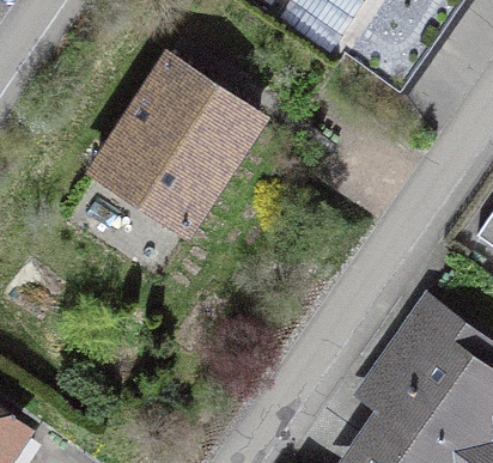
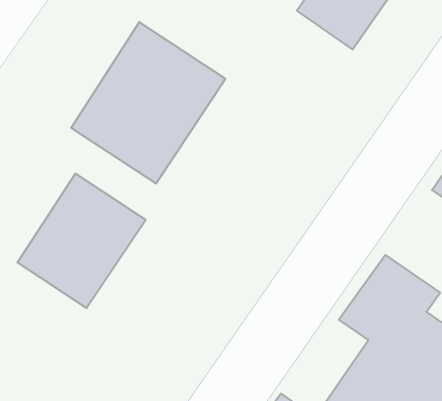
building: none -> [17,174,146,308]

